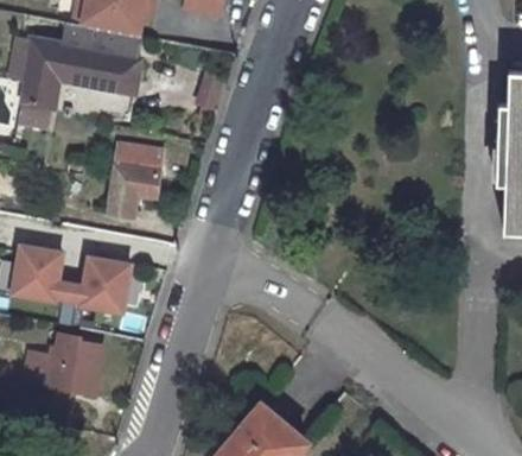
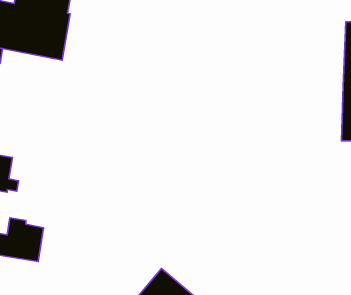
building: [108,142,163,216] -> none
building: [68,256,129,311] -> none

